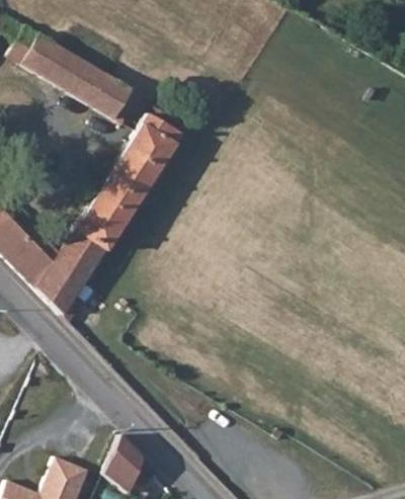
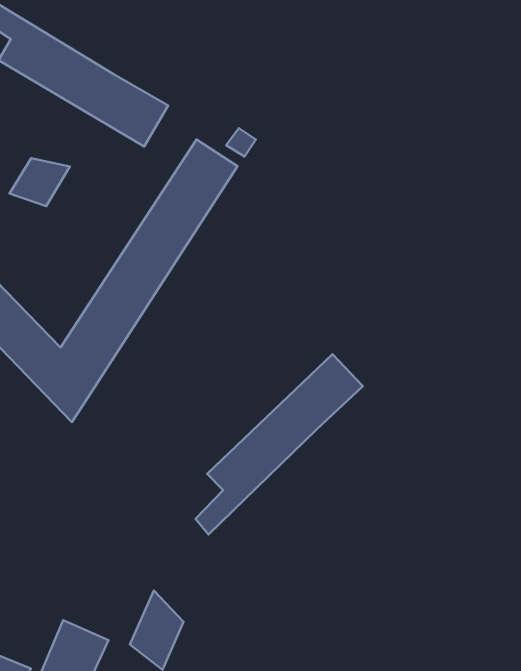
building: none -> [10,158,70,206]
building: none -> [195,354,363,535]

